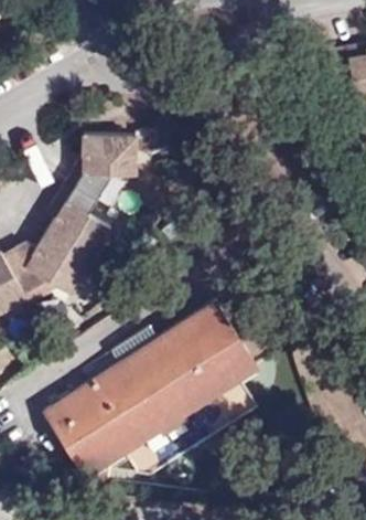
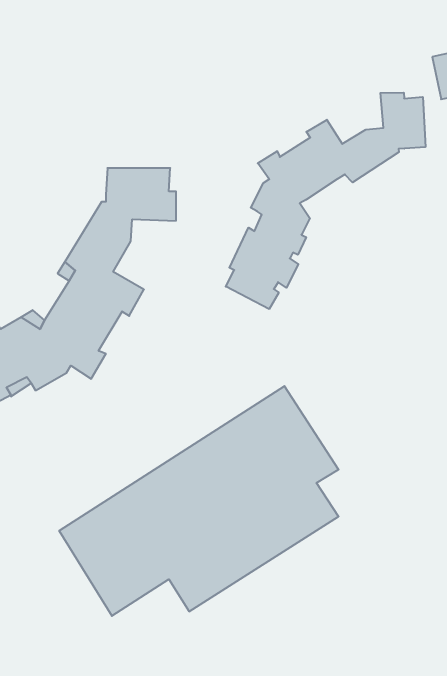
building: none -> [226,93,425,309]

